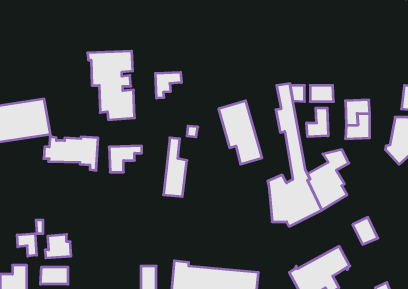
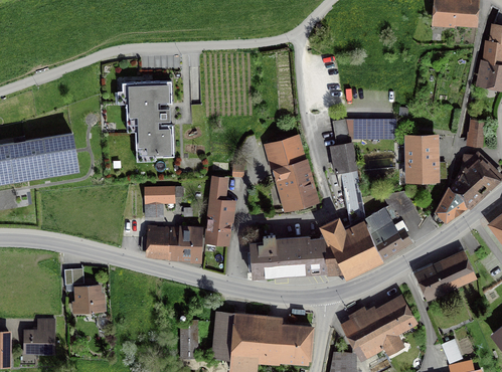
building: [155,72,181,98] -> none
building: [307,108,328,137] -> none
building: [44,136,98,170] -> [141,225,201,263]
building: none -> [431,188,467,225]
building: none -> [248,235,326,276]
building: none -> [433,253,470,290]
building: [17,234,37,256] -> none
building: [40,267,68,284] -> none

